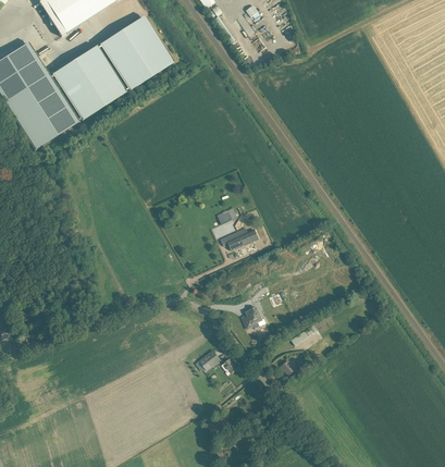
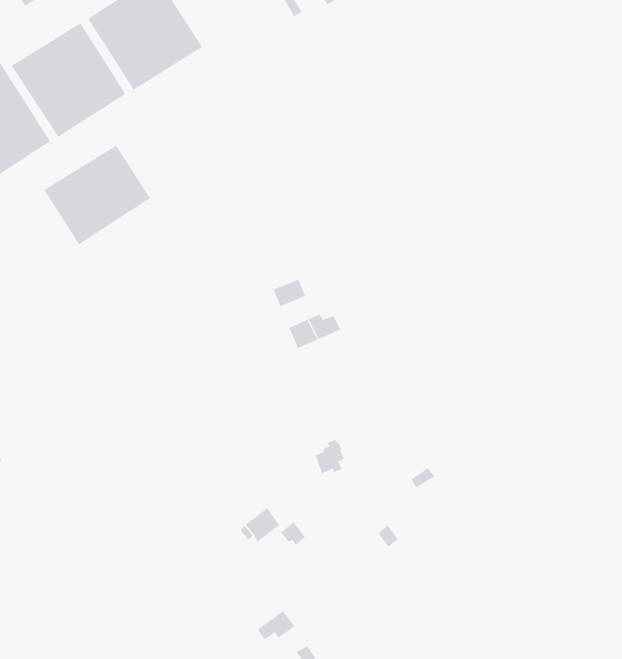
building: none -> [44,145,151,245]

